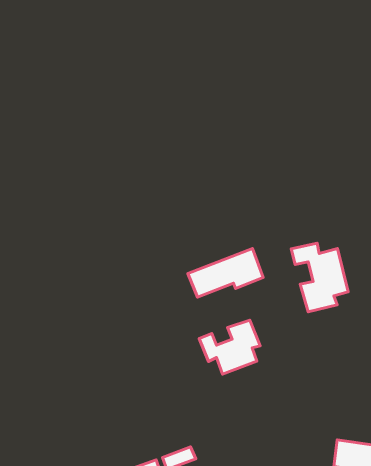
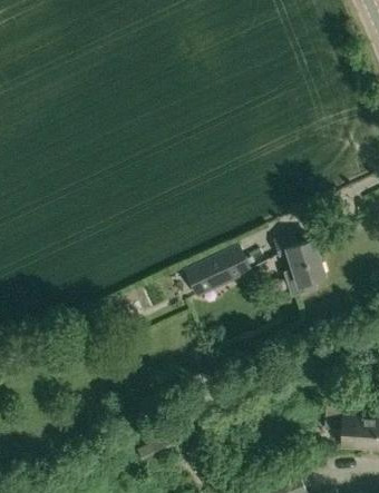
building: [199,320,260,374] -> none

